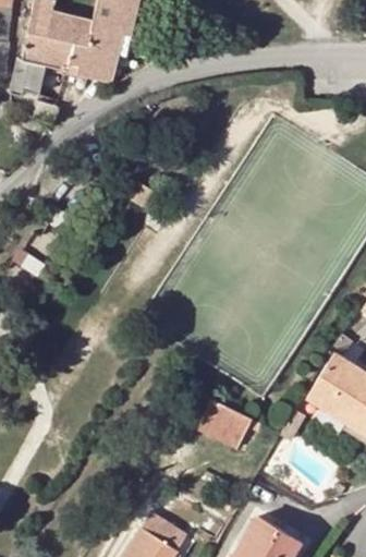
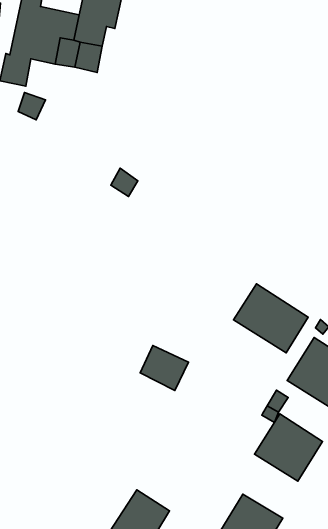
building: none -> [234,284,308,353]
building: [200,402,251,449] -> [140,345,188,391]
building: none -> [254,414,323,481]

